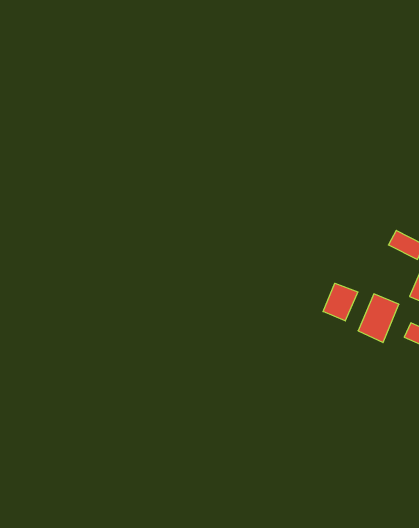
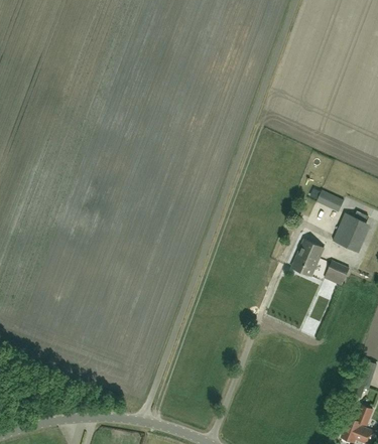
building: [323,283,358,321] -> none

